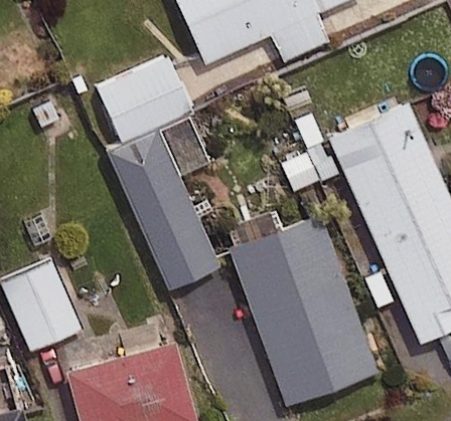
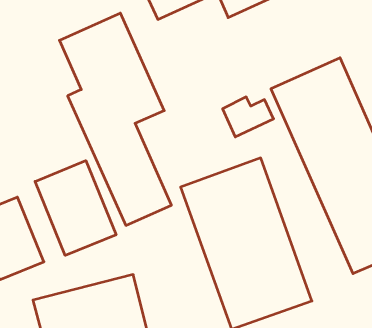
building: none -> [35,161,116,255]

